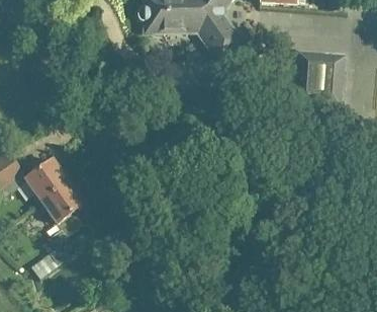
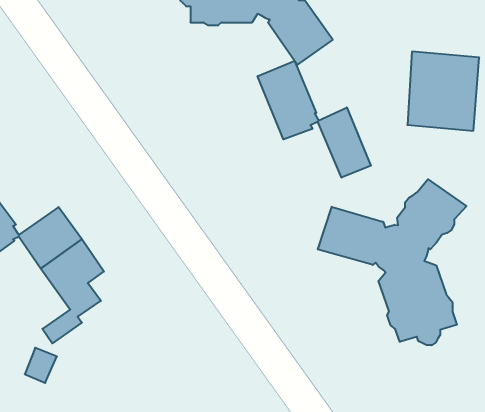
building: none -> [258,61,371,178]
building: none -> [318,179,466,345]

